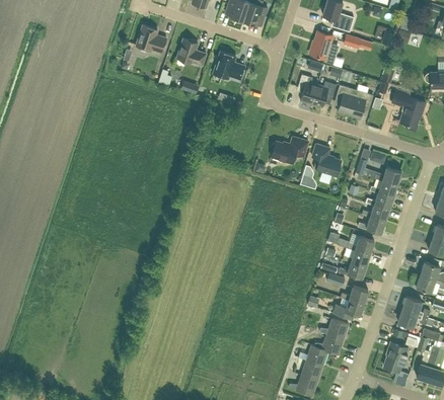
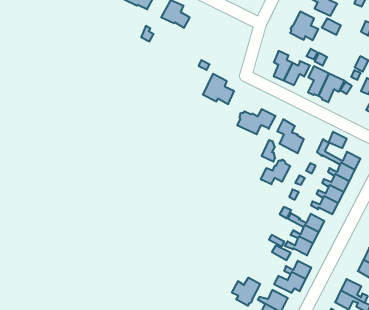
building: [213,52,244,80] -> [203,74,234,104]
building: none -> [261,160,290,184]
building: none -> [232,278,260,306]

